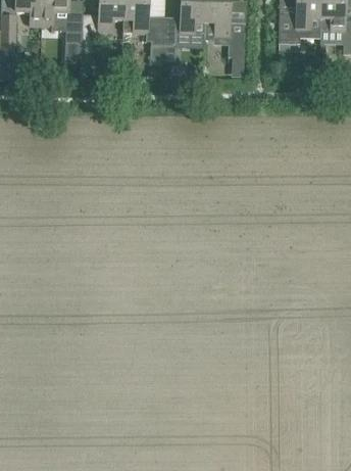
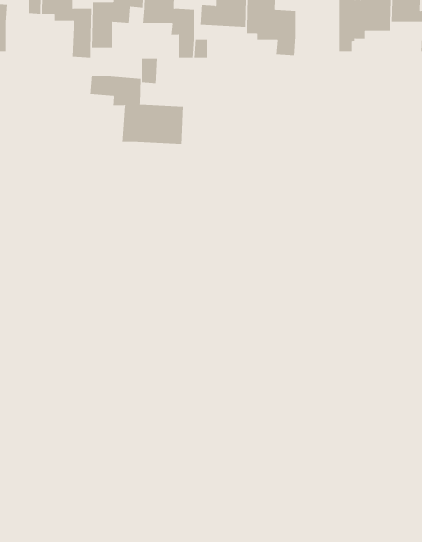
building: none -> [90,75,183,145]

